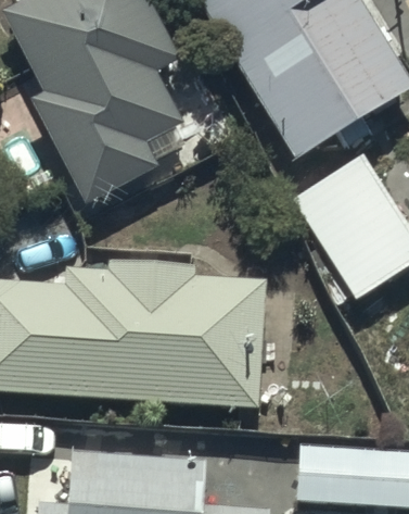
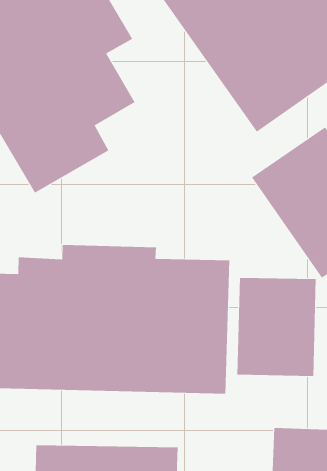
building: none -> [237,277,316,377]

